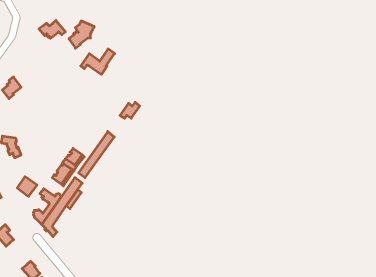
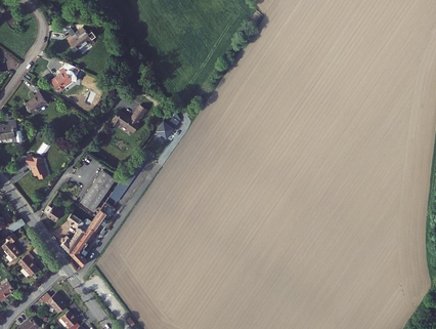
building: [69,21,94,48] -> [51,63,79,92]
building: [81,49,115,74] -> [110,105,146,132]

